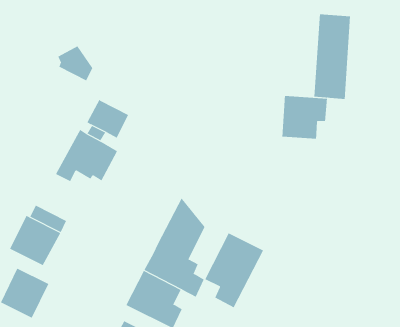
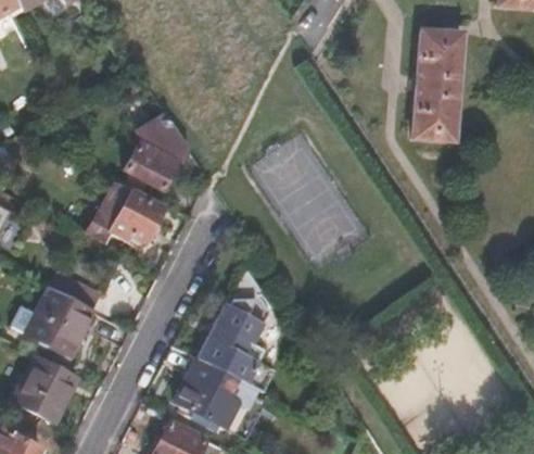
building: [58,46,93,81] -> [141,115,187,161]
building: [282,95,328,139] -> none
building: [205,233,264,308] -> none

